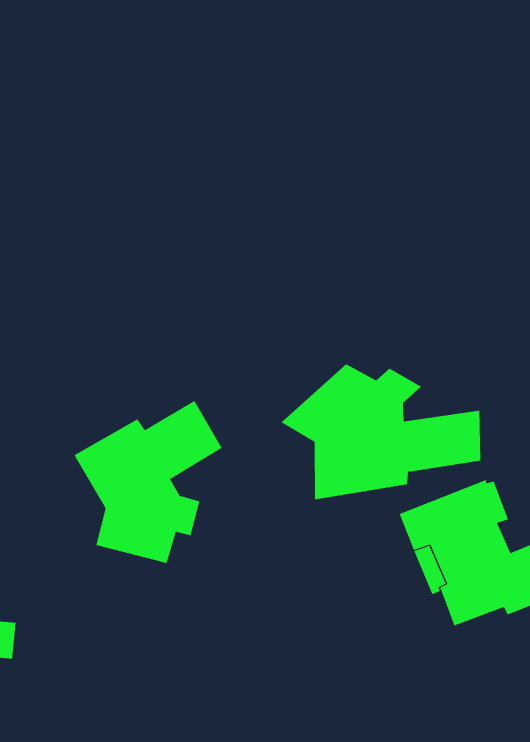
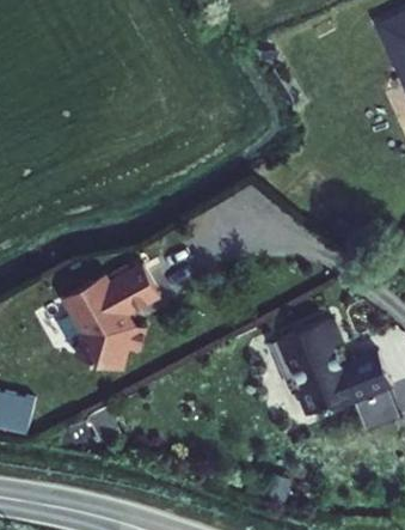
building: [281,364,481,500] -> none

